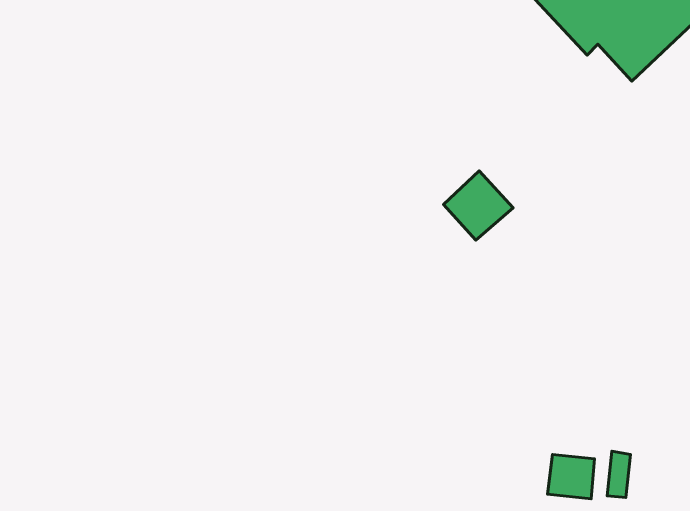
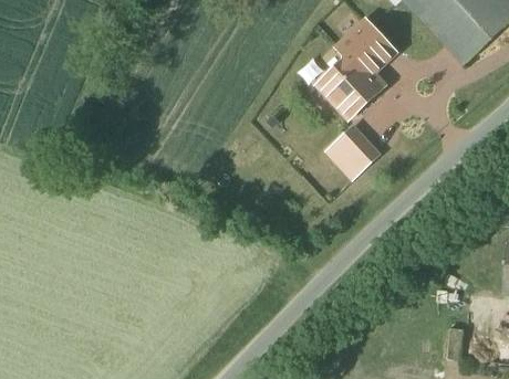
building: none -> [320,19,395,114]
building: [547,455,594,499] -> none

